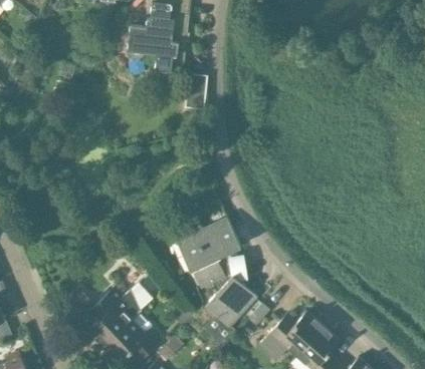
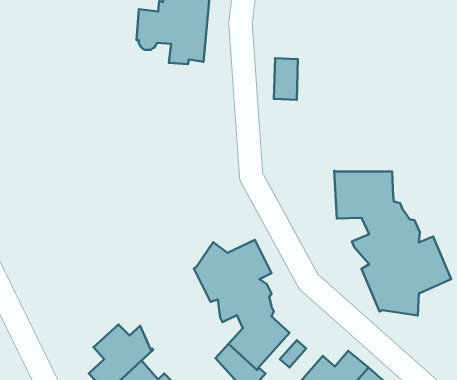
building: [188,73,208,108] -> [274,58,298,100]
building: none -> [334,171,451,315]

